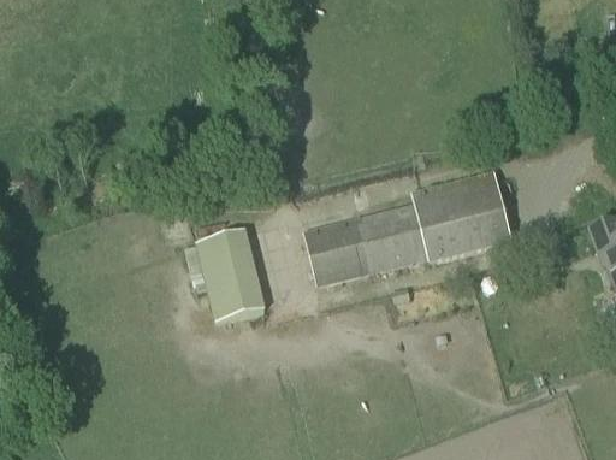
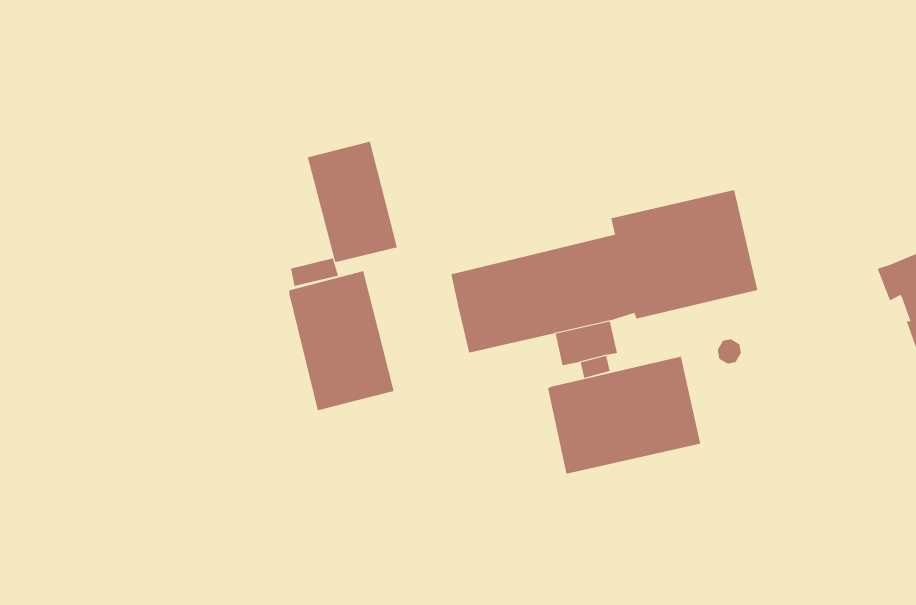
building: none -> [307,141,397,263]
building: none -> [547,356,701,475]

